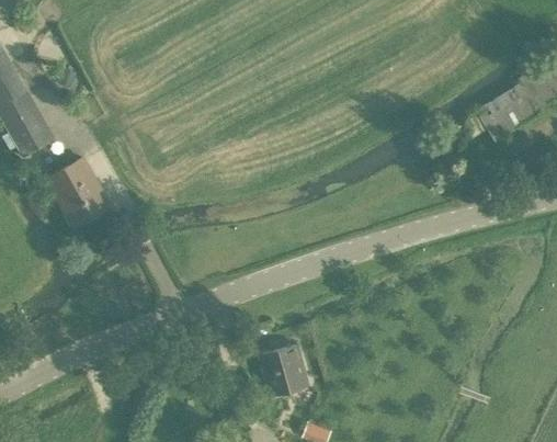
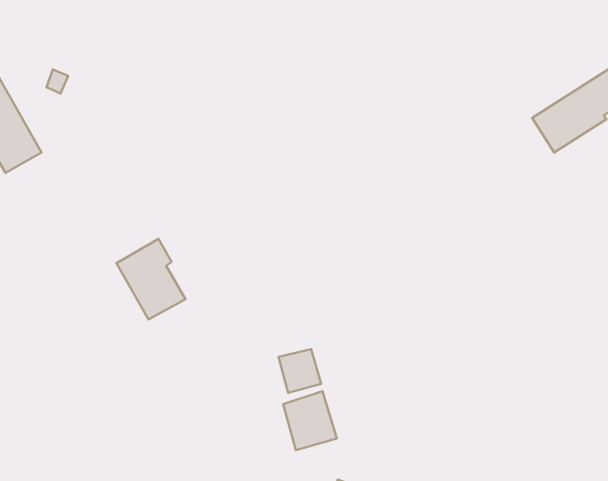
building: [46,159,105,228] -> [116,239,185,319]
building: none -> [279,349,321,393]

